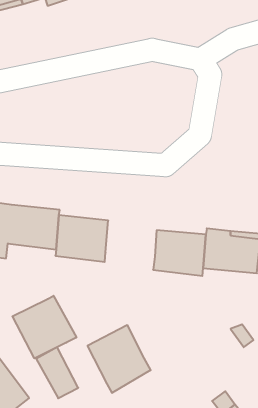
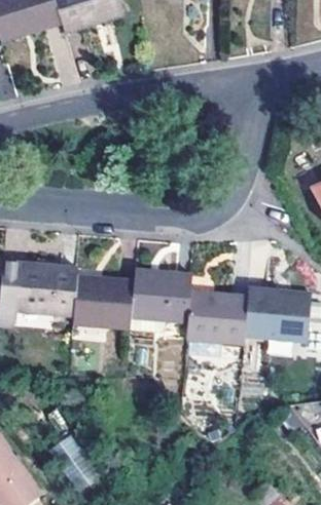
building: none -> [132,274,193,325]
building: [12,296,76,358] -> none
building: [88,325,151,393] -> none

